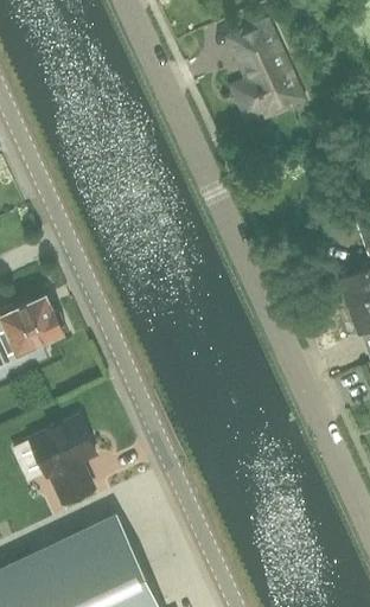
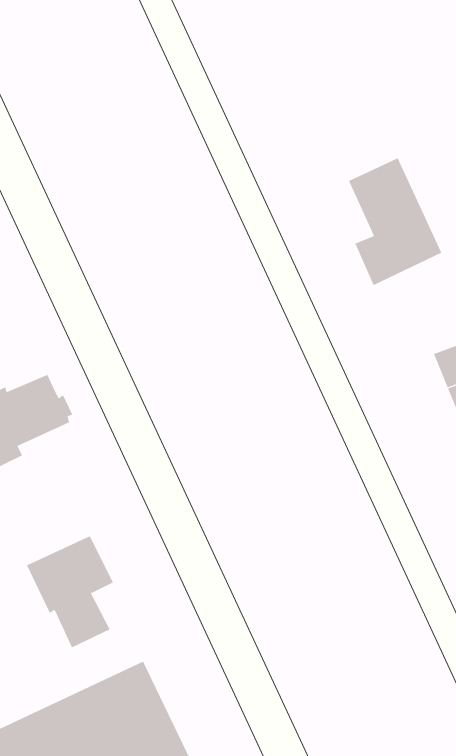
building: [229,21,300,119] -> [348,157,442,286]

